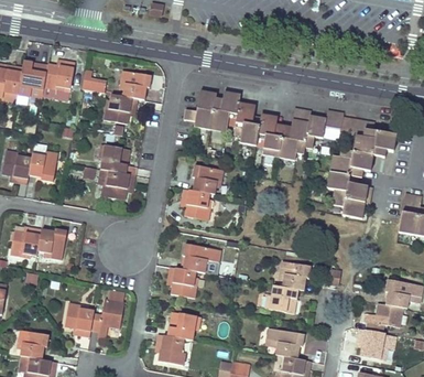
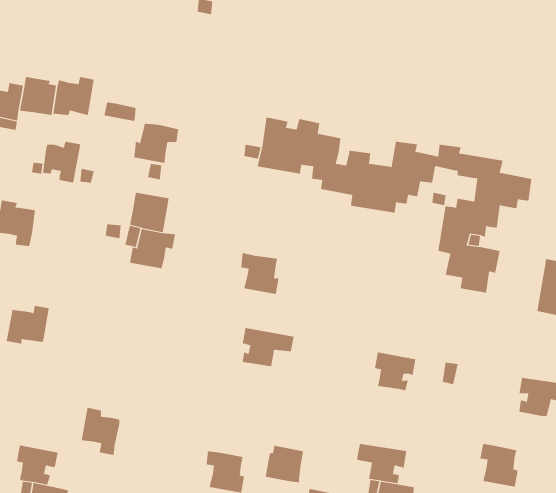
building: [120,71,151,99] -> none
building: [30,151,58,182] -> [42,141,81,183]
building: [193,165,224,194] -> none
building: [39,228,67,259] -> none
building: [167,267,197,299] -> none
building: [270,284,297,313] -> none
building: [90,290,124,338] -> none
building: [362,303,403,333] -> none
building: [167,312,196,340] -> [265,445,304,483]

